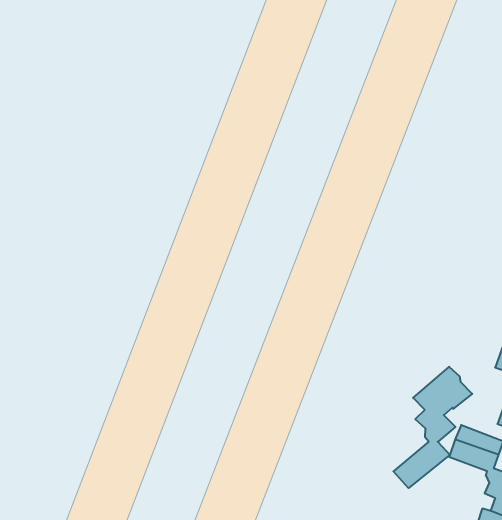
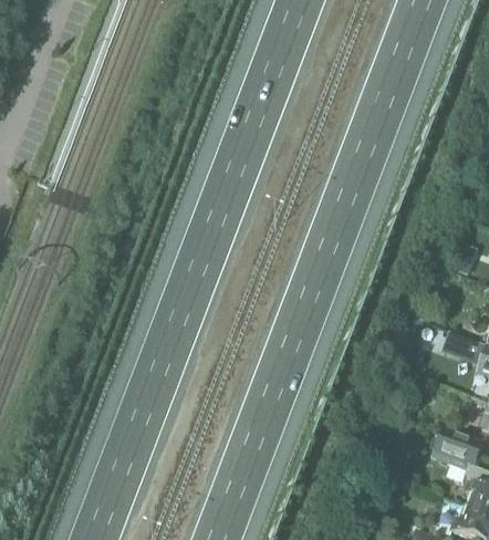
building: [393,367,472,488] -> none

